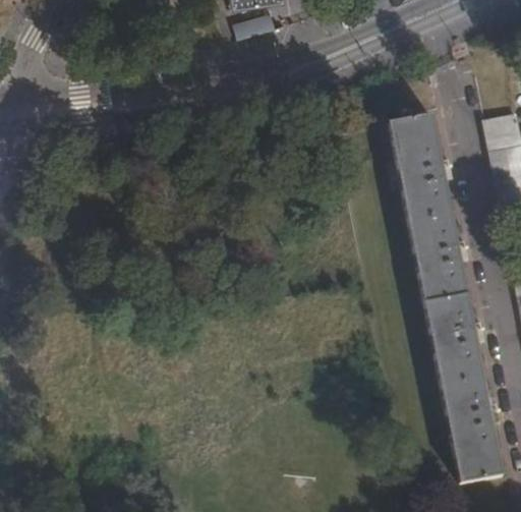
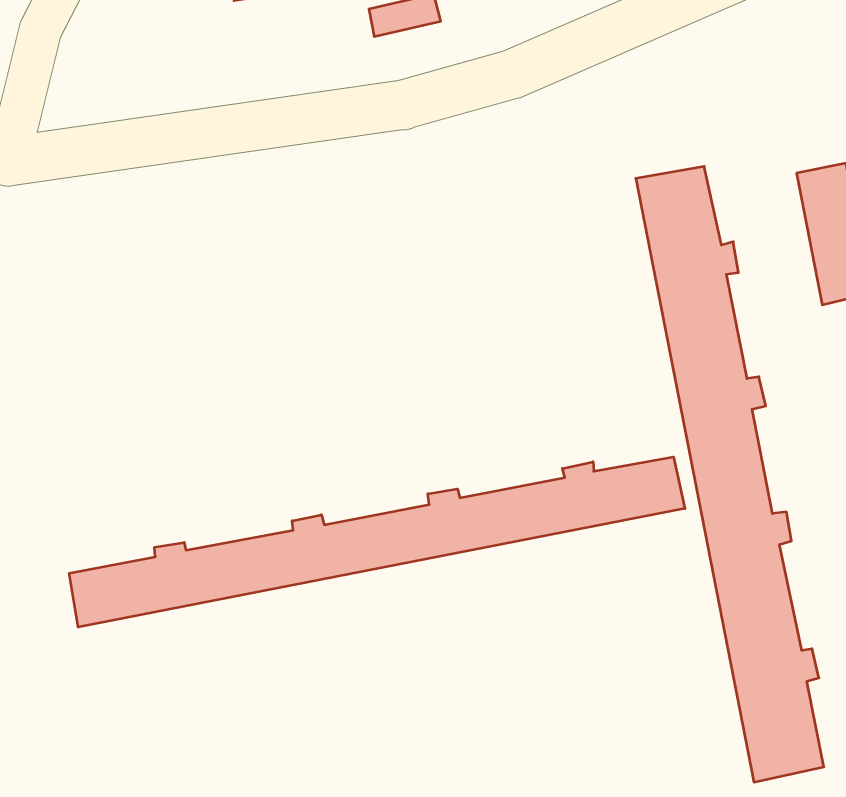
building: none -> [69,457,685,627]

